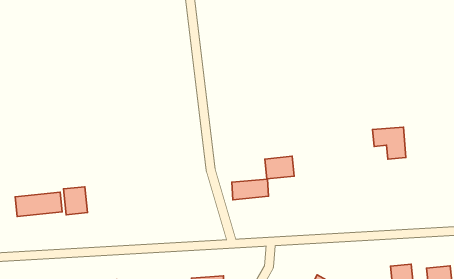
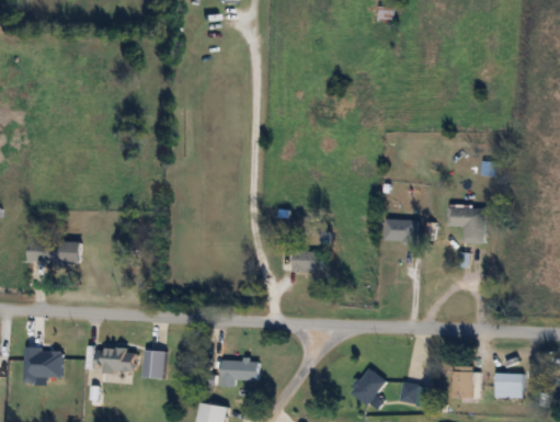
building: [265,156,294,179] -> [385,219,416,242]
building: [63,187,88,215] -> none

